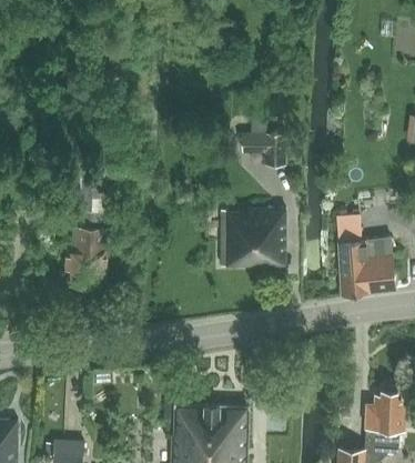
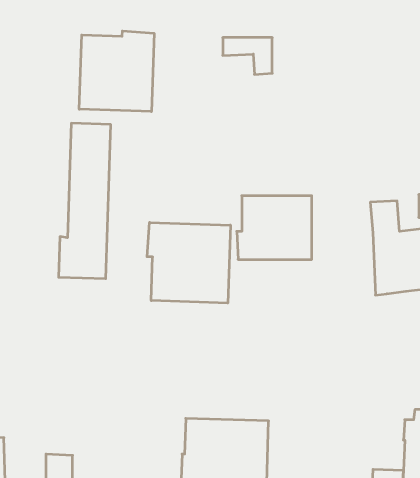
building: none -> [79,31,154,112]
building: [241,135,284,168] -> [223,38,272,74]
building: none -> [147,222,230,303]

